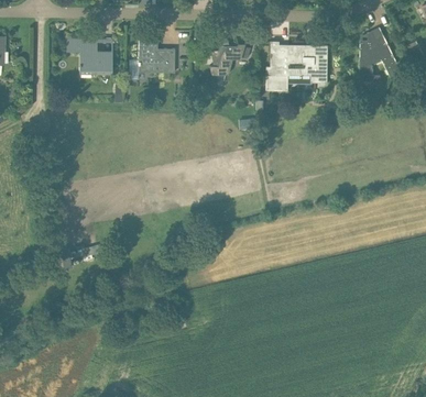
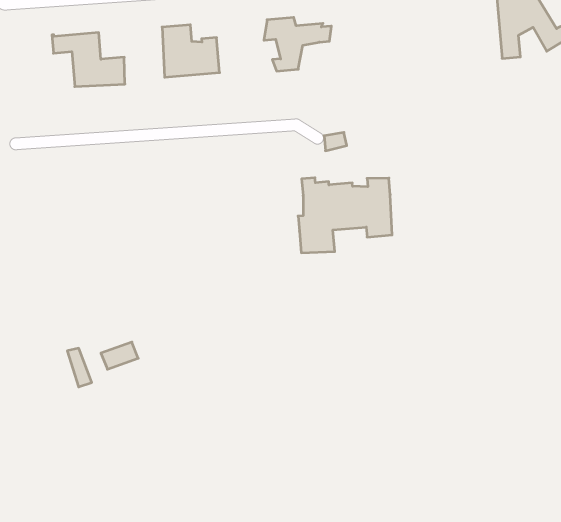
building: [266,41,328,90] -> [298,178,392,253]

